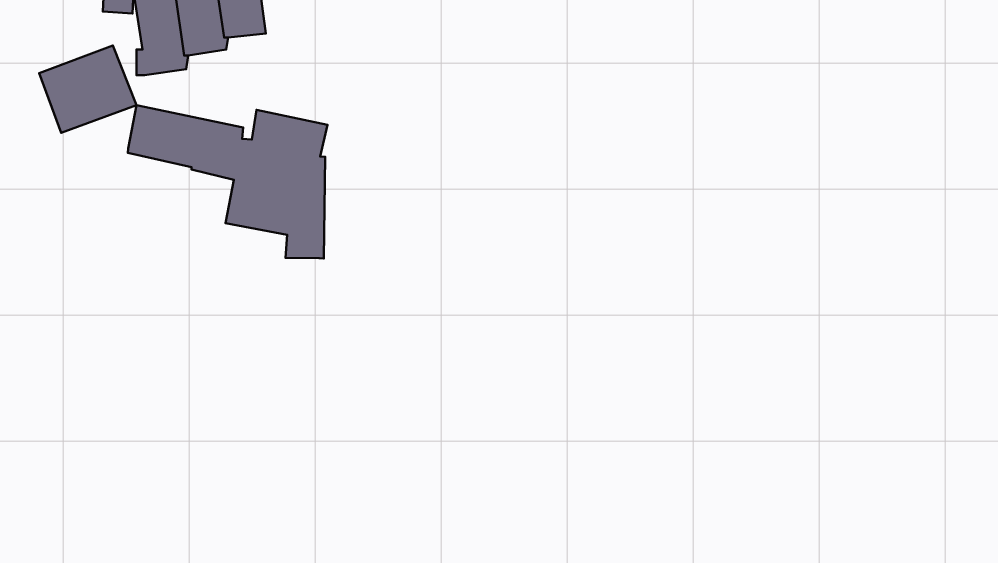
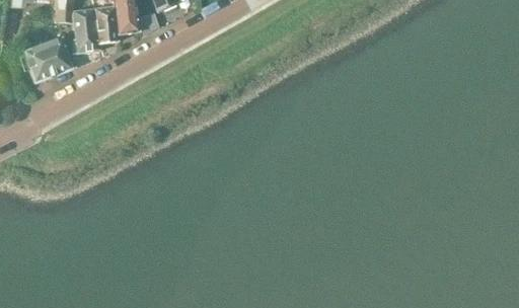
building: [128,105,328,259] -> none

